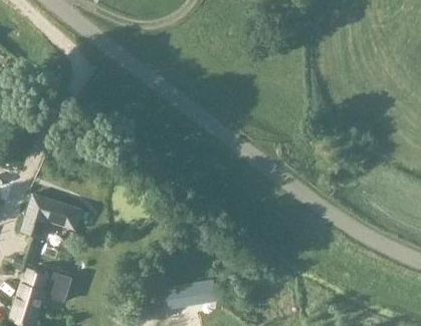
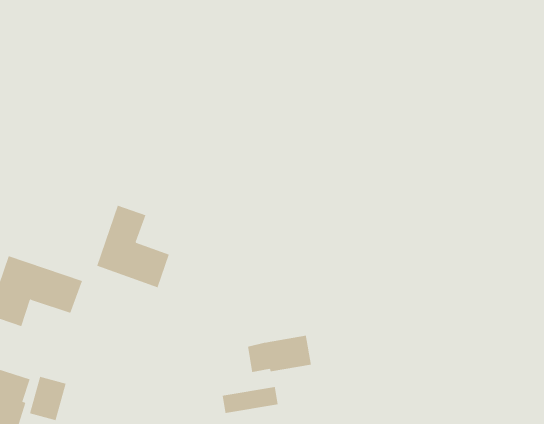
building: none -> [96,205,169,288]
building: none -> [247,335,311,373]

